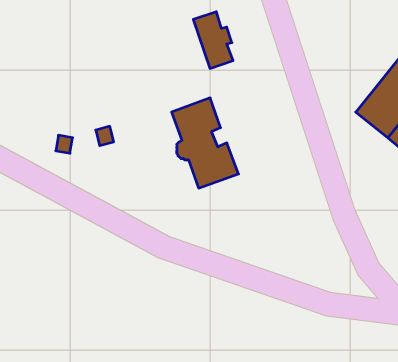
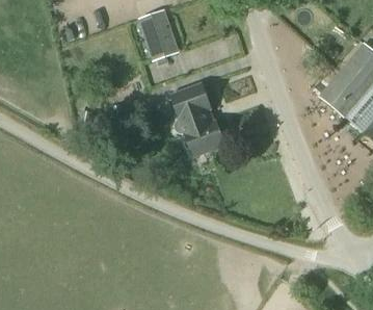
building: [193,12,233,68] -> [141,12,174,58]

